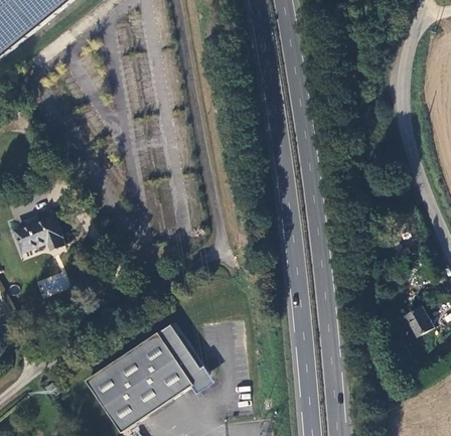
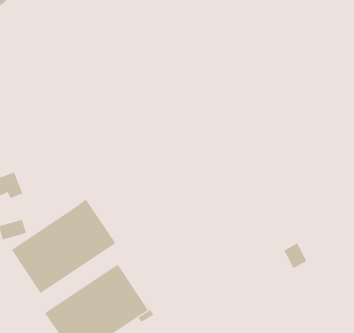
building: none -> [11,199,116,294]
building: [404,304,431,334] -> [283,243,307,269]

